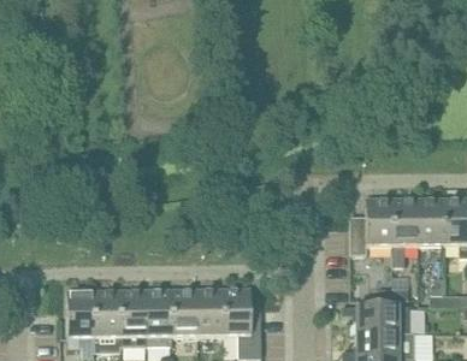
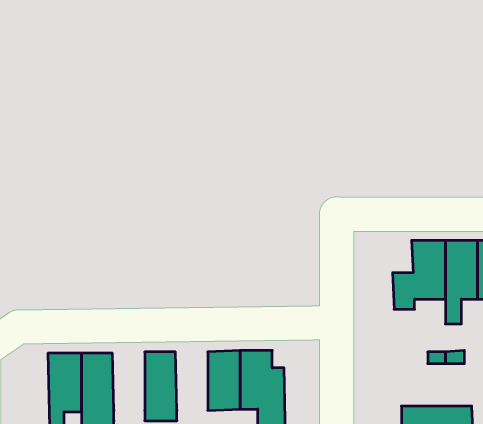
building: [119,289,146,337] -> none
building: [171,289,197,337] -> none
building: [342,306,409,333] -> none

